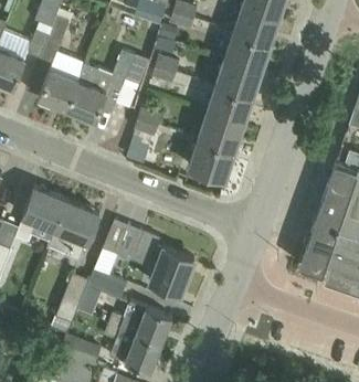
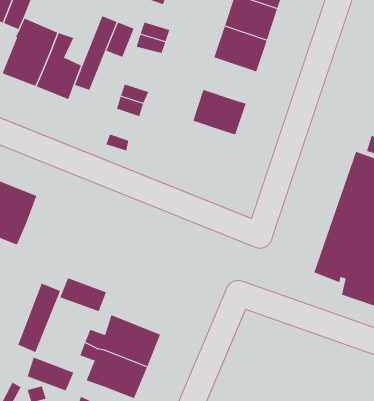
building: [205,87,253,126] -> none
building: [189,140,234,180] -> none
building: [49,203,98,264] -> none
building: [103,222,193,296] -> none

